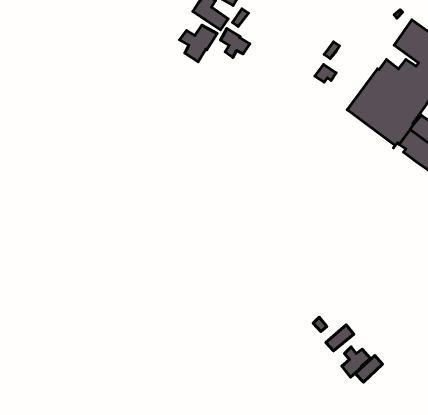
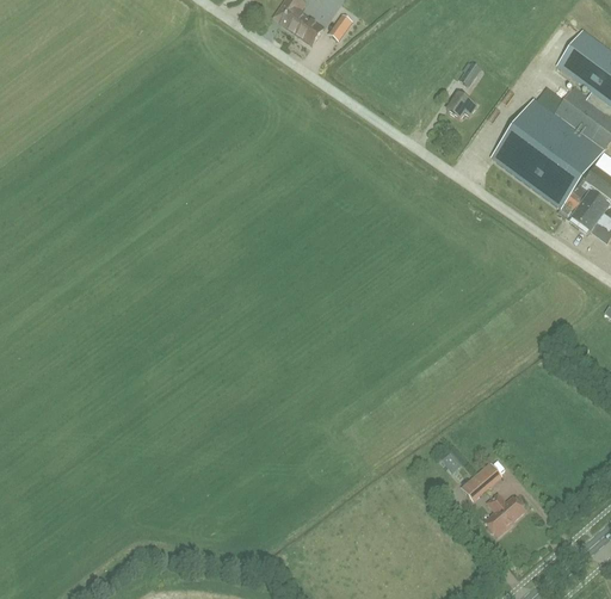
building: [179,25,217,62] -> none
building: [221,28,250,58] -> none
building: [355,356,382,382] -> none

